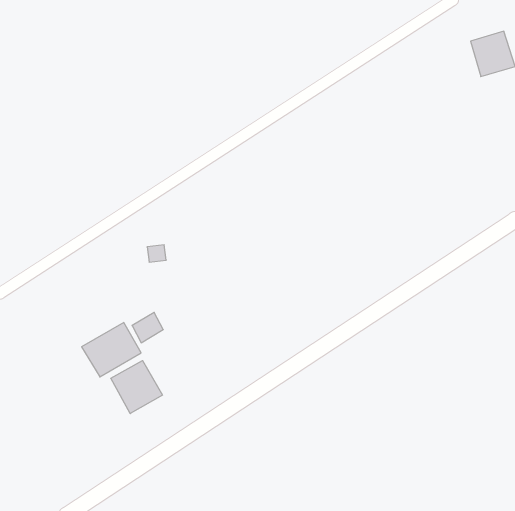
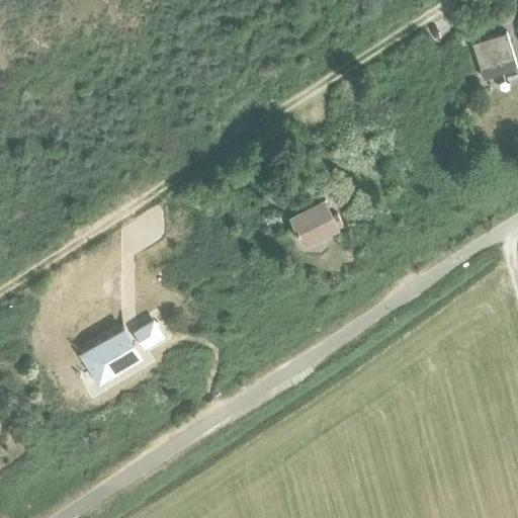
building: none -> [290,204,336,247]
building: [111,361,162,414] -> none

